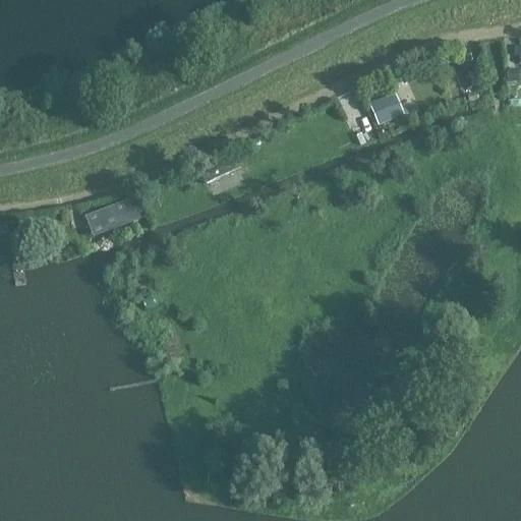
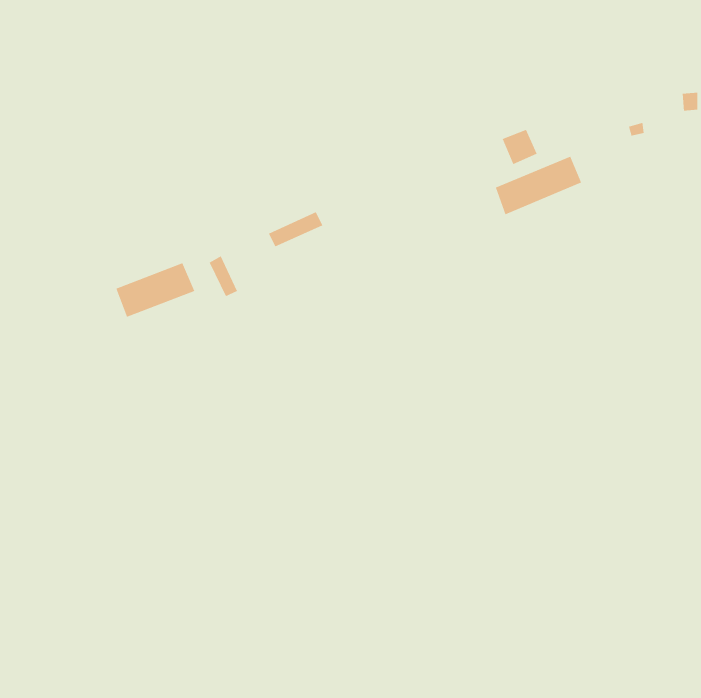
building: none -> [495,156,582,215]

